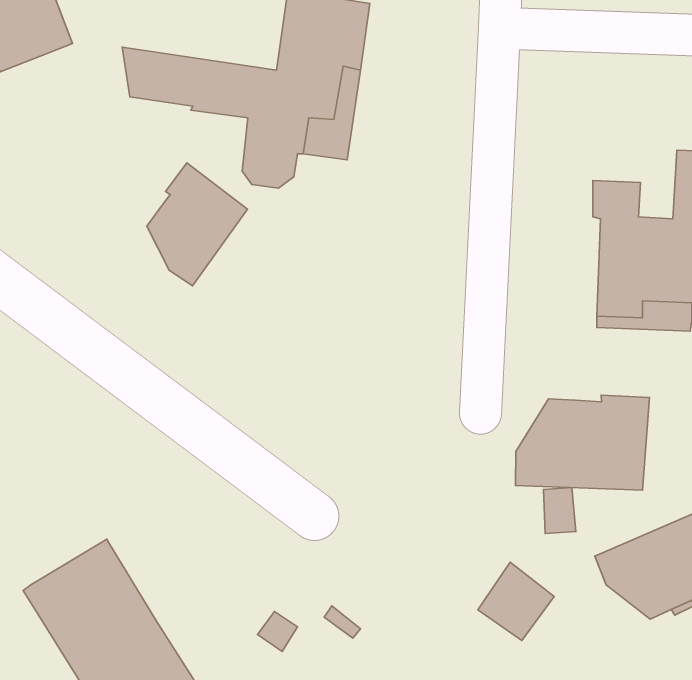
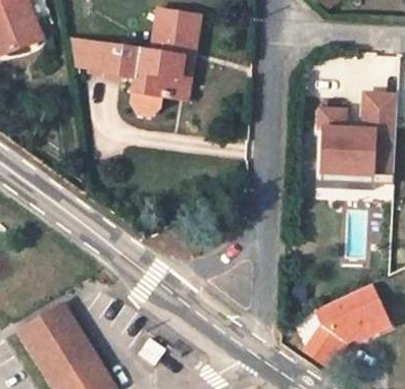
building: [147,163,247,286] -> none
building: [516,395,649,490] -> none
building: [478,562,554,640] -> [309,325,350,367]

